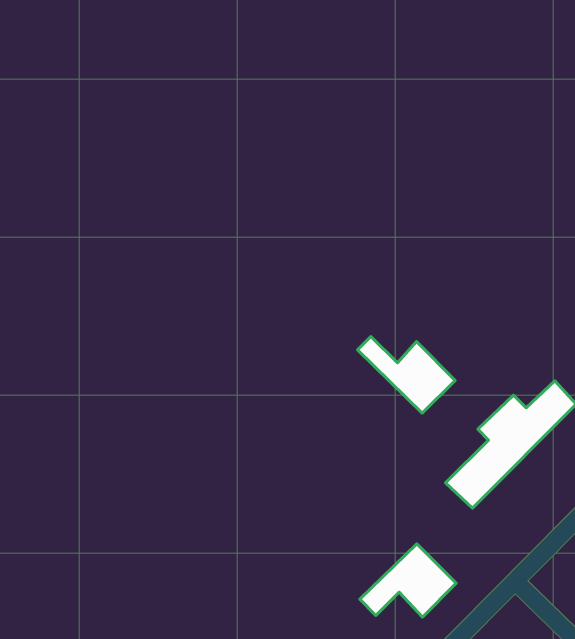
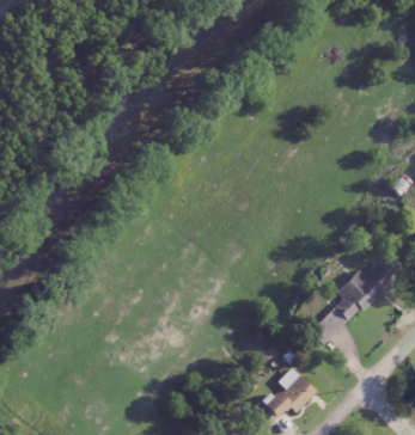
building: [357,336,455,413] -> none

